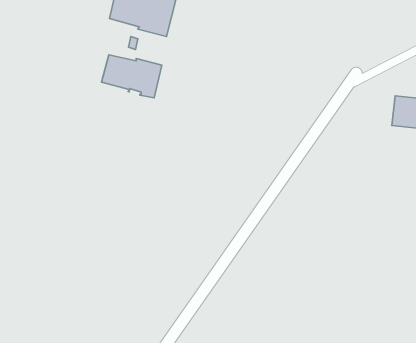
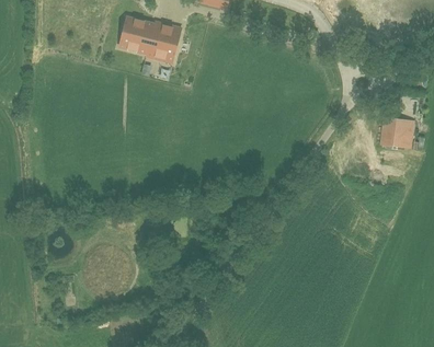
building: [102,55,162,98] -> none

